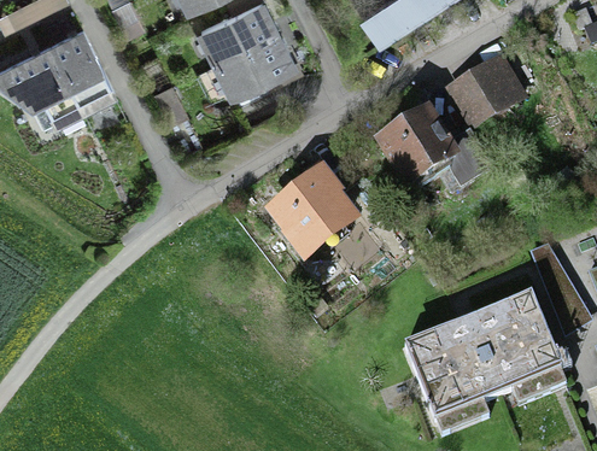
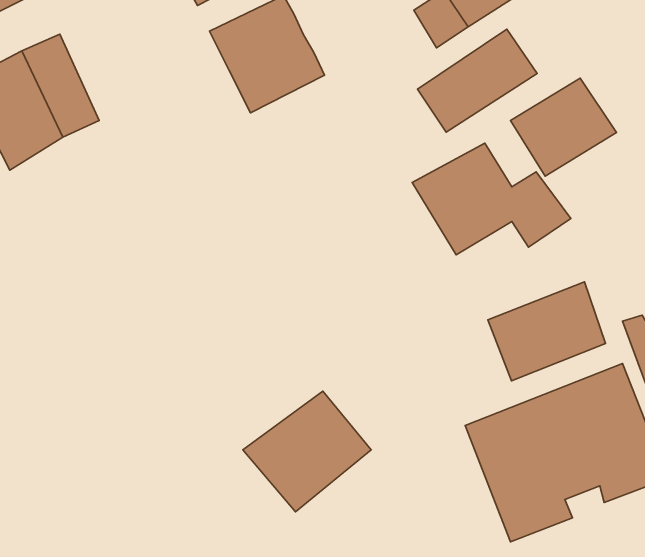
building: none -> [417,29,537,132]
building: [256,177,358,274] -> [243,391,371,512]
building: none -> [488,282,606,381]

